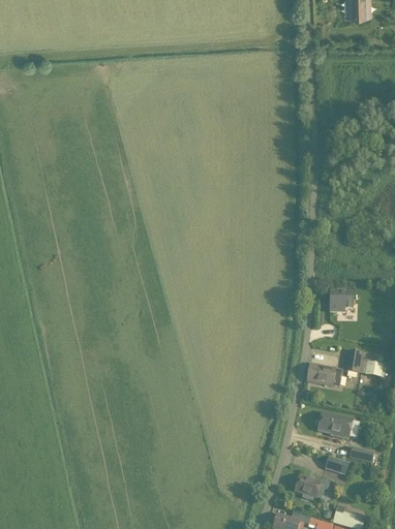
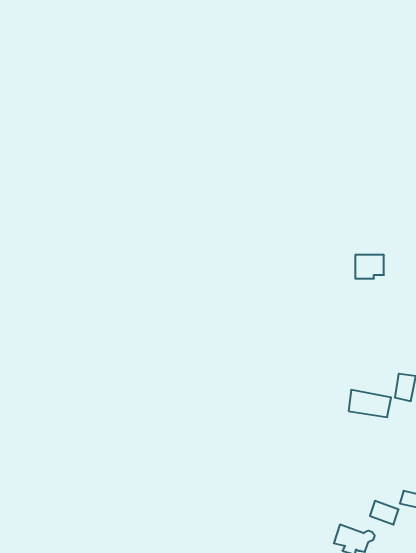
building: [329,291,353,311] -> [355,255,384,279]
building: [317,411,353,438] -> none

